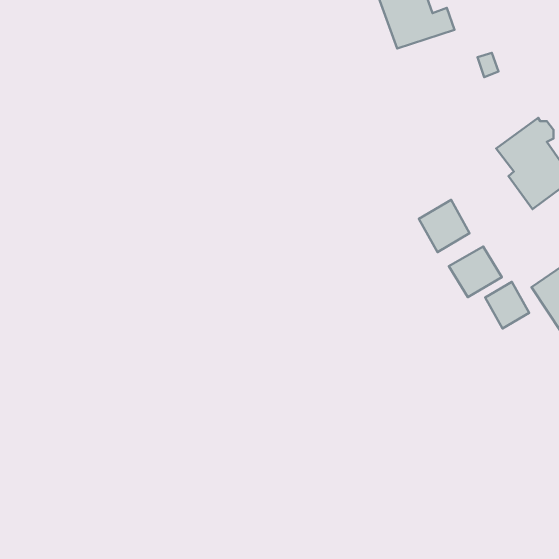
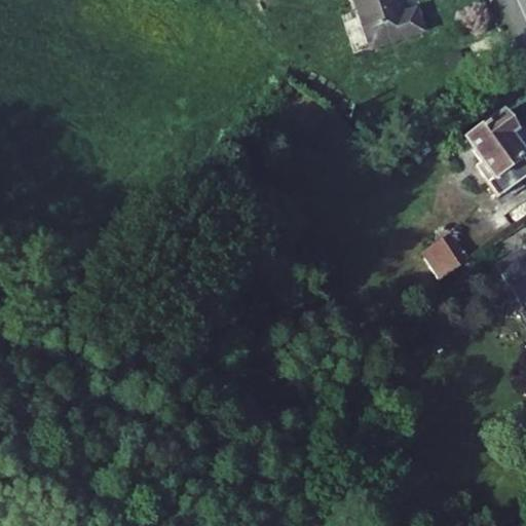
building: [419,200,470,252] -> none
building: [485,282,529,328] -> none

